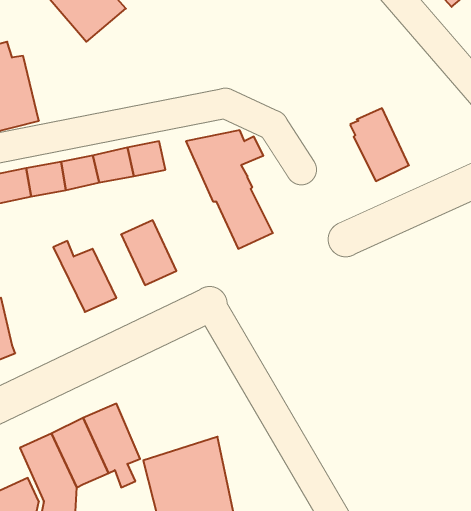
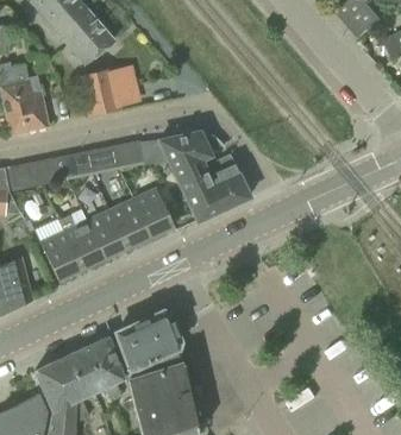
building: none -> [81,68,125,116]
building: [350,108,409,181] -> [206,155,250,209]
building: none -> [134,189,175,238]
building: none -> [89,210,129,258]
building: none -> [42,220,83,280]
building: none -> [114,311,181,370]

